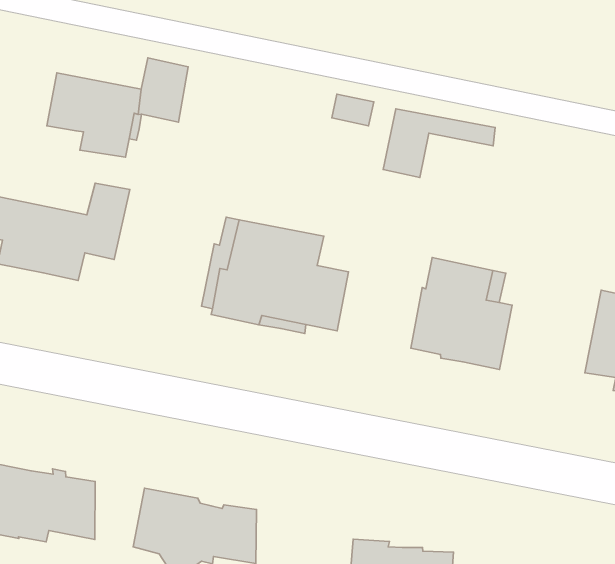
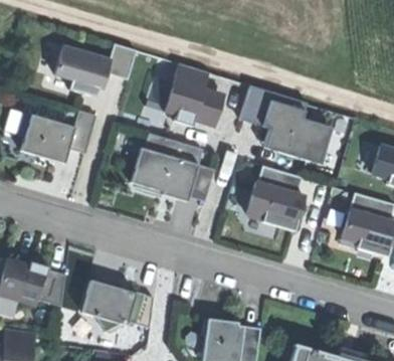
building: none -> [164,62,221,126]
building: none -> [259,97,327,157]

